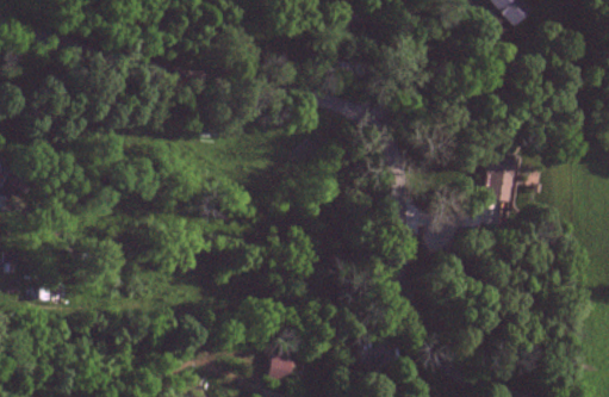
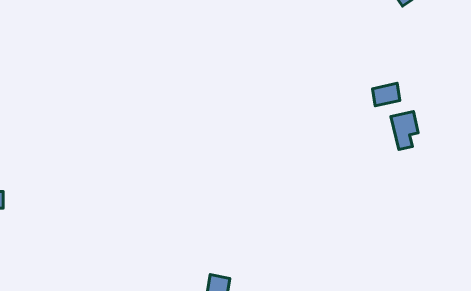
building: none -> [372,83,400,106]

